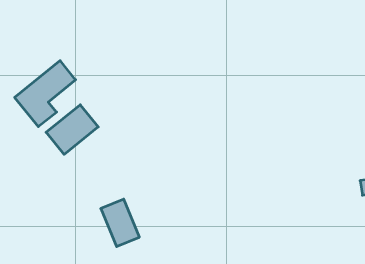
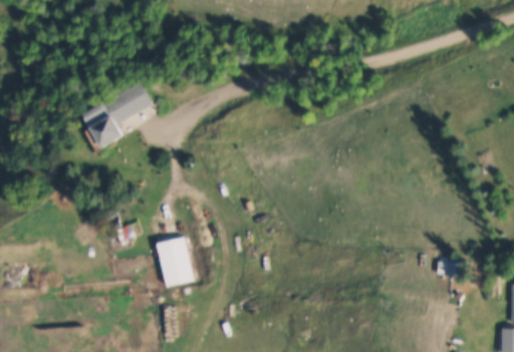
building: [46,105,98,154] -> none

